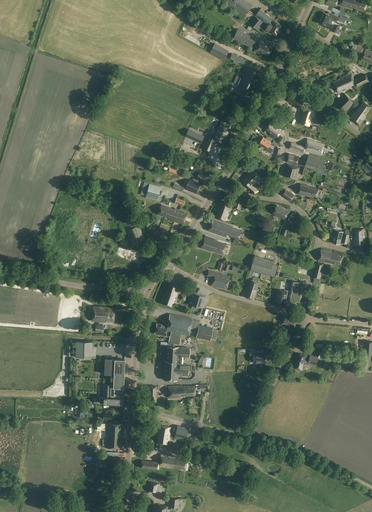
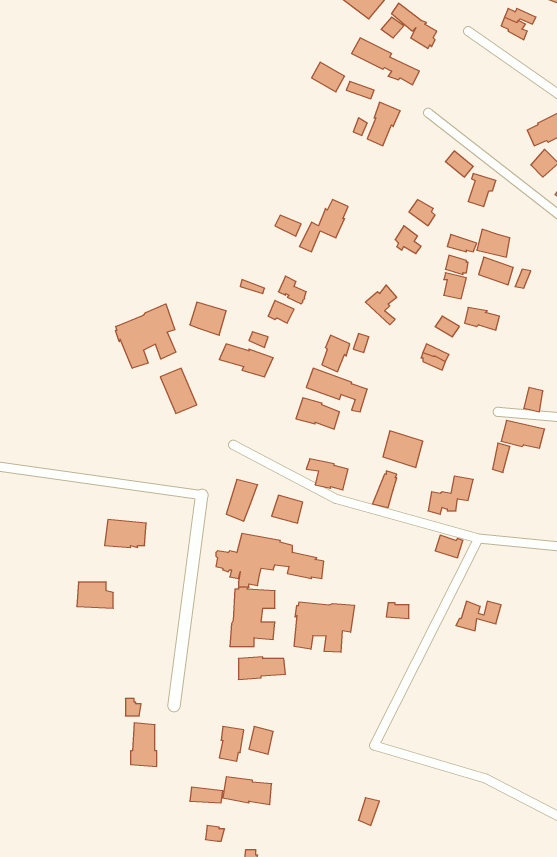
building: none -> [115,304,176,368]
building: none -> [294,602,354,652]
building: [99,358,124,404] -> none

